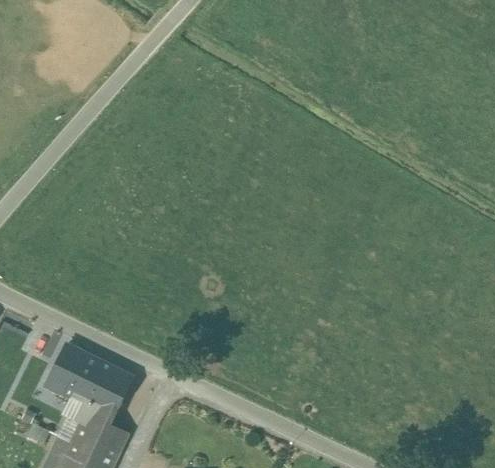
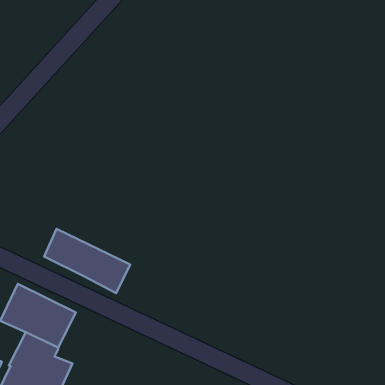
building: none -> [44,229,130,293]

